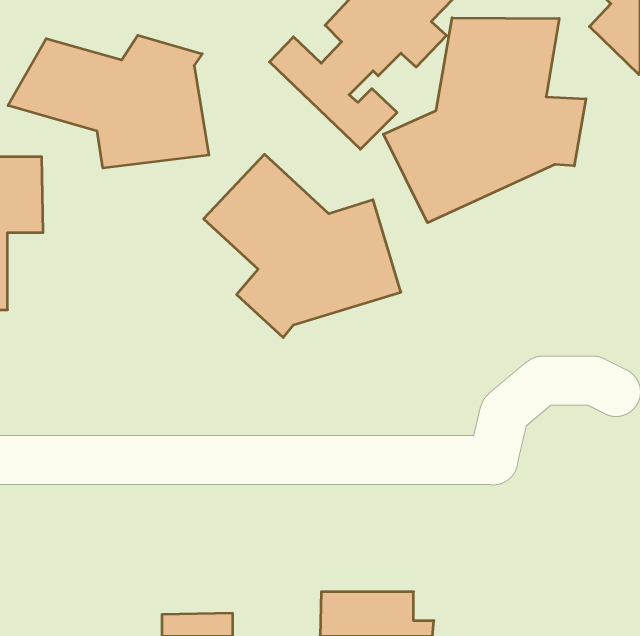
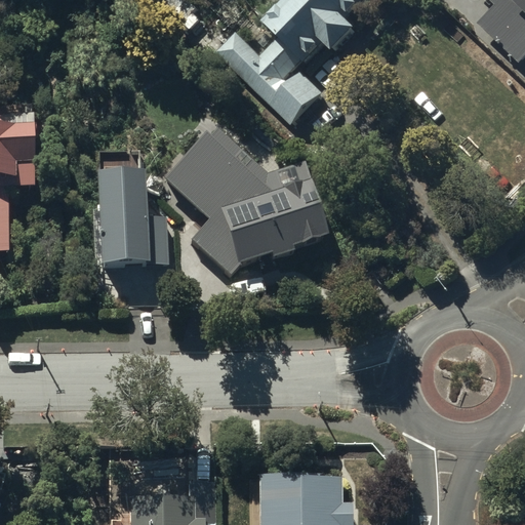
building: [383,18,586,223] -> none
building: [8,35,209,168] -> none
building: none -> [96,173,167,267]

